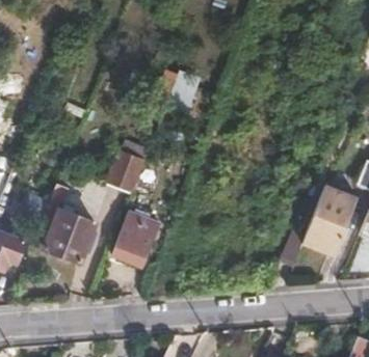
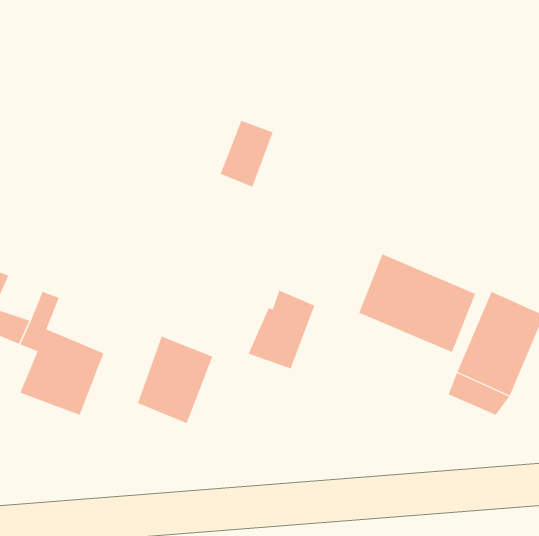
building: [108,140,149,188] -> [248,290,315,369]
building: none -> [358,254,476,353]

